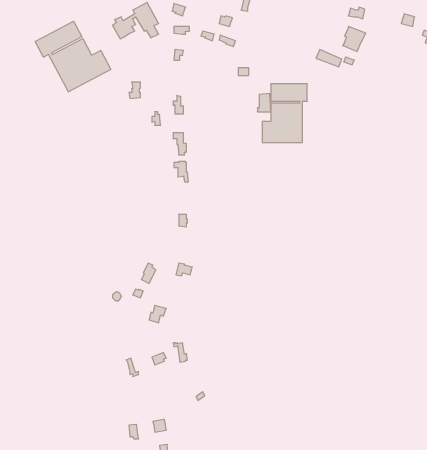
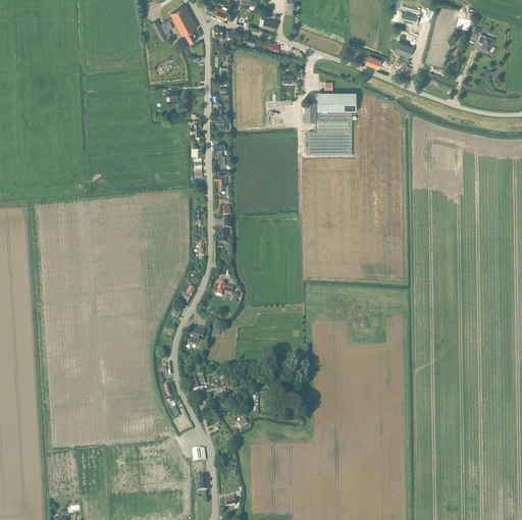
building: [35,21,111,92] -> none

